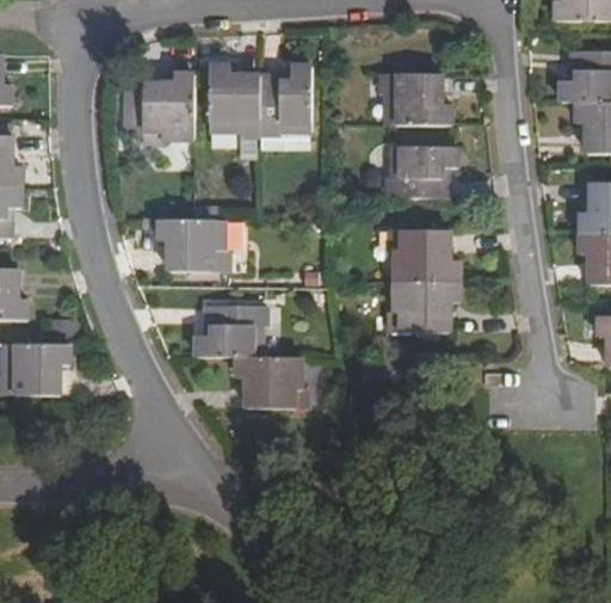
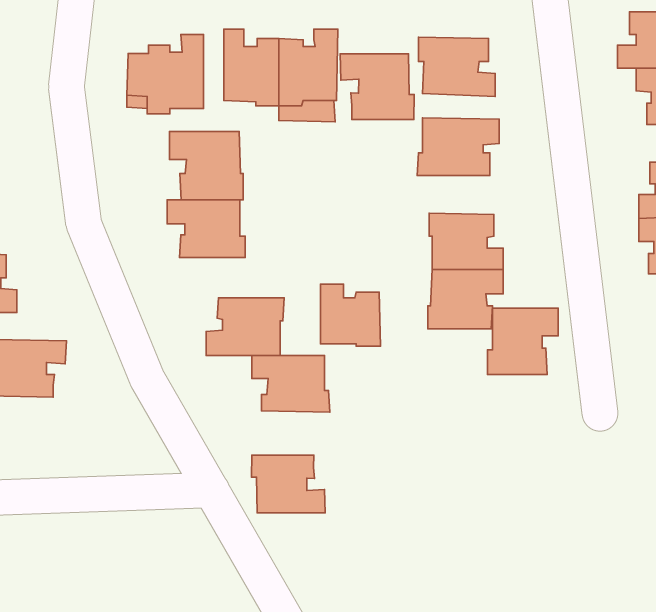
building: none -> [340,54,414,119]
building: none -> [169,131,243,200]
building: none -> [320,284,380,346]
building: none -> [487,308,558,374]
building: none -> [251,455,325,513]

